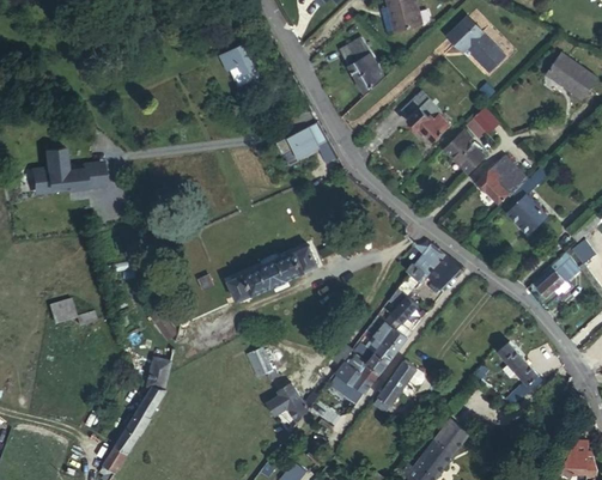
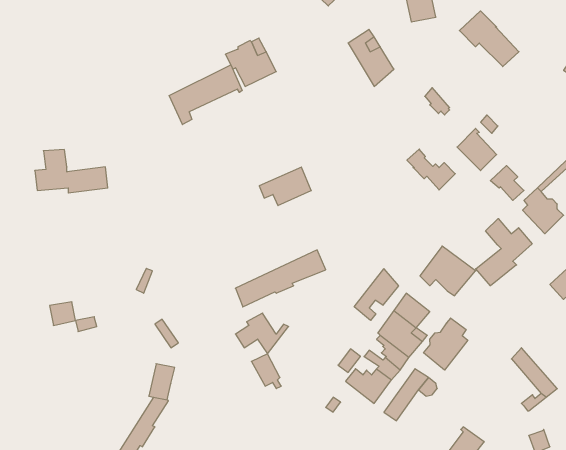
building: none -> [169,65,242,125]
building: [401,99,448,139] -> [407,149,455,190]
building: [276,121,327,158] -> [259,167,311,206]
building: [492,153,527,194] -> none
building: none -> [476,219,532,286]
building: none -> [354,269,398,320]
building: none -> [424,318,468,370]
building: [266,383,317,423] -> [235,313,289,354]

